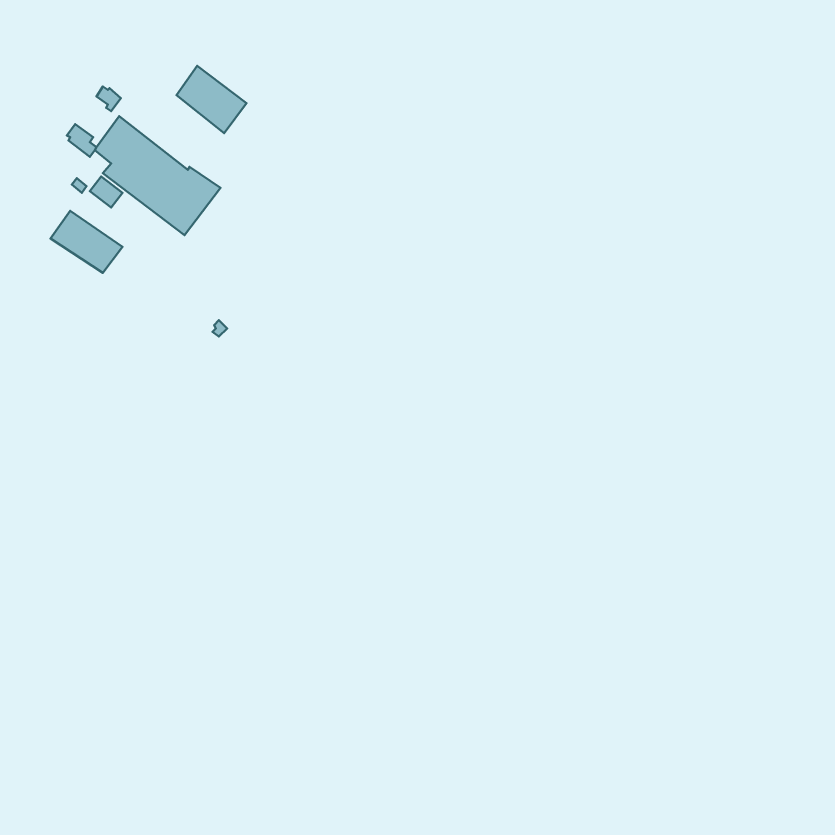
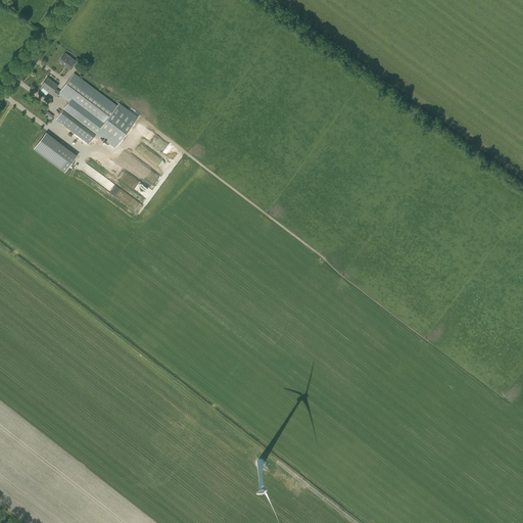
building: [177,66,246,133] -> none

